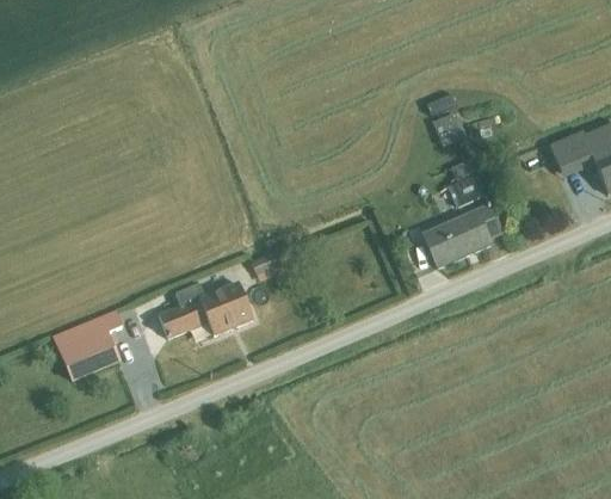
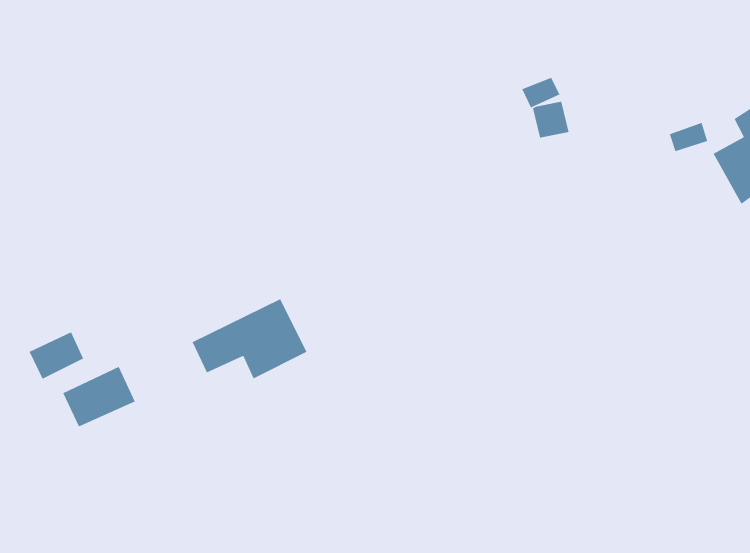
building: [430,178,506,264] -> none
building: none -> [28,331,84,380]

